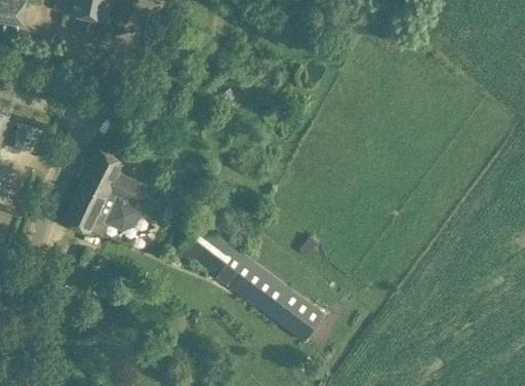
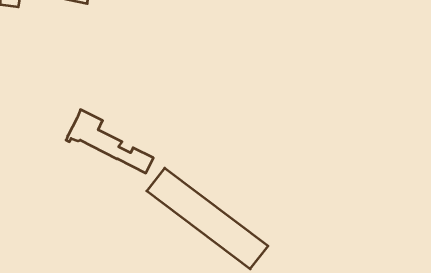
building: [65,185,144,237] -> none

